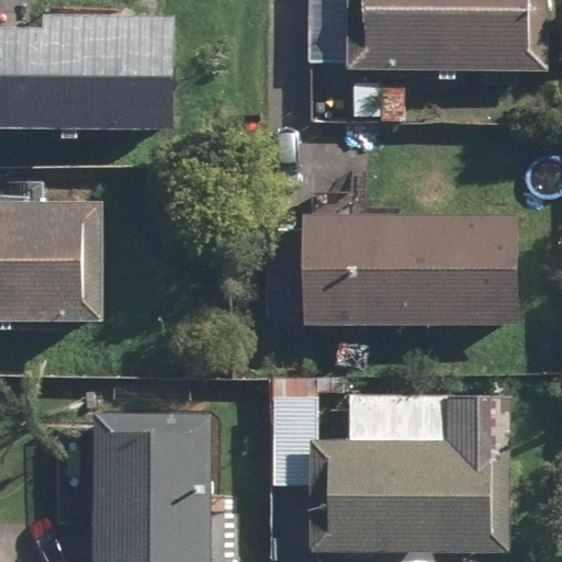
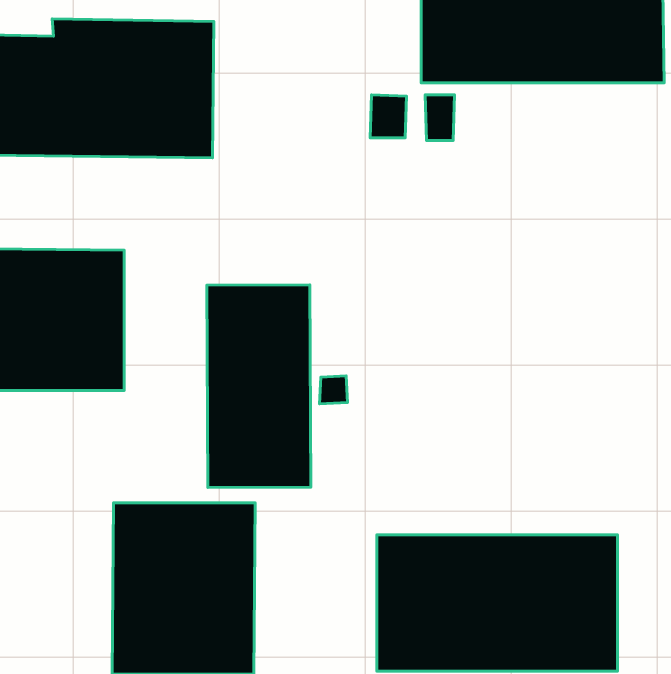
building: [299,215,516,324] -> none
building: none -> [207,285,311,488]

